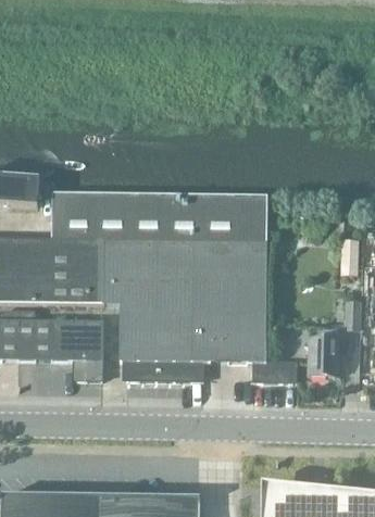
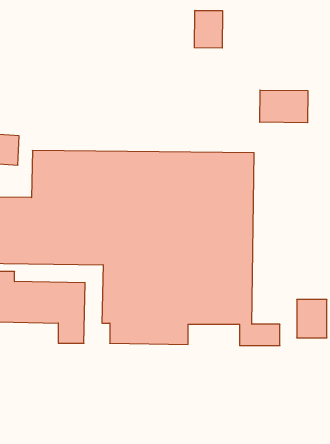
building: none -> [194,10,223,48]
building: none -> [260,90,308,123]

